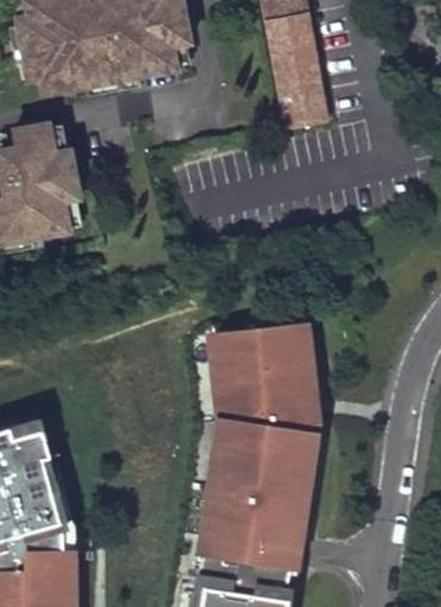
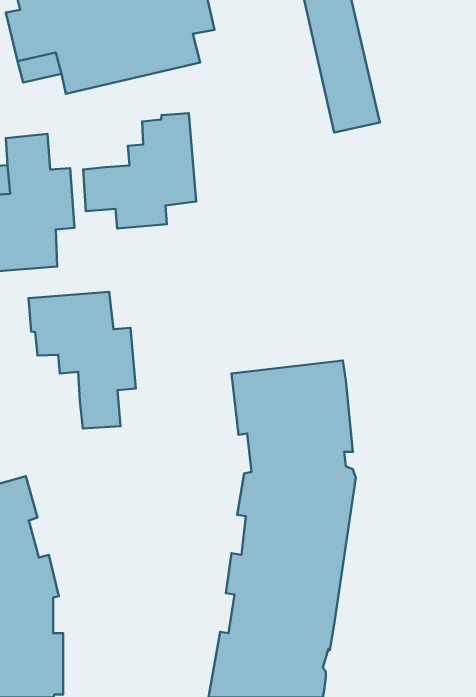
building: none -> [83,113,196,229]
building: none -> [29,292,136,428]

